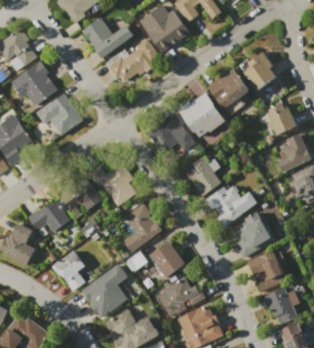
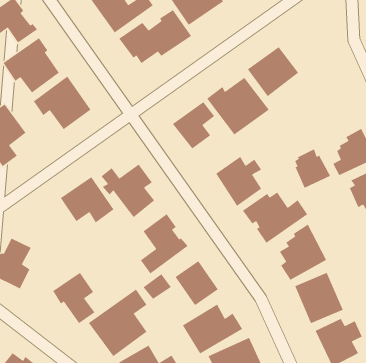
building: [243,51,276,91] -> none
building: [267,103,297,136] -> [294,148,331,189]
building: [27,200,71,232] -> none

